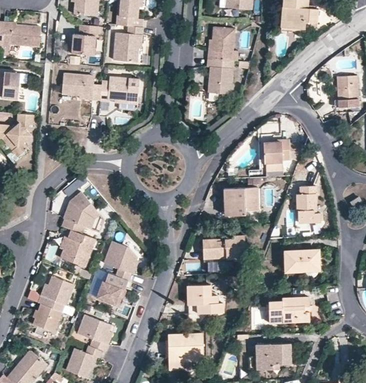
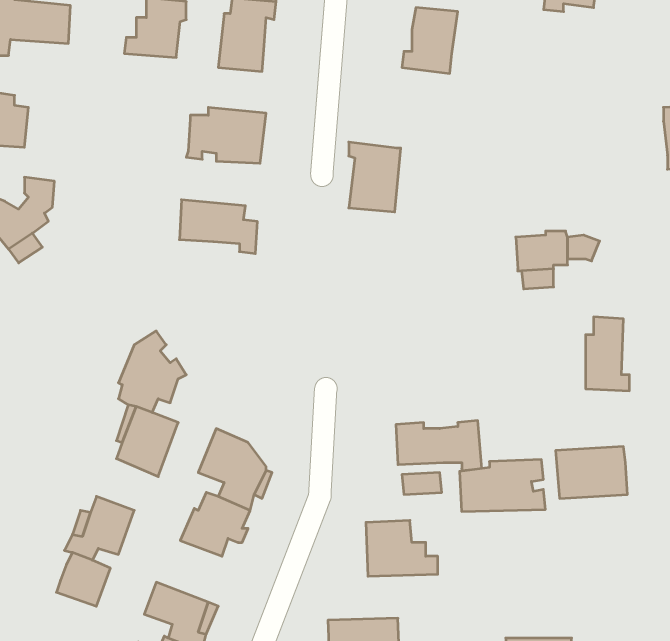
building: [206,59,232,94] -> [349,142,401,212]
building: [61,74,100,101] -> [179,200,257,254]
building: [223,188,257,215] -> none
building: [268,297,311,323] -> [460,460,545,511]

